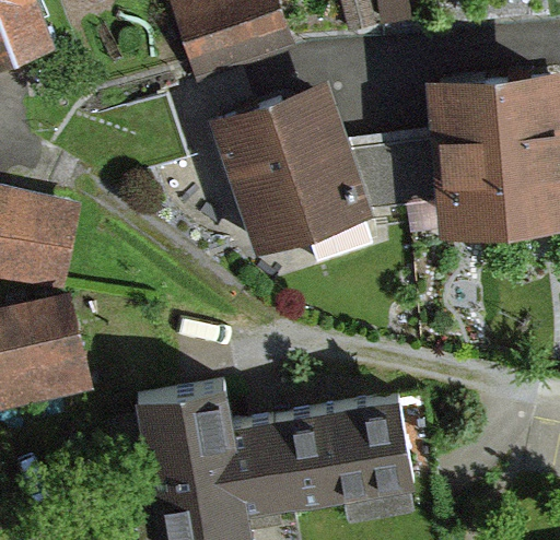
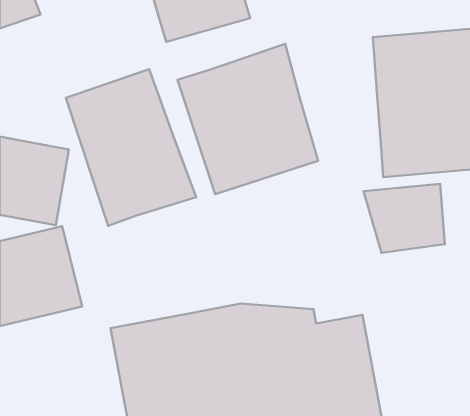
building: none -> [66,69,196,226]
building: [349,139,443,219] -> [364,184,445,253]

